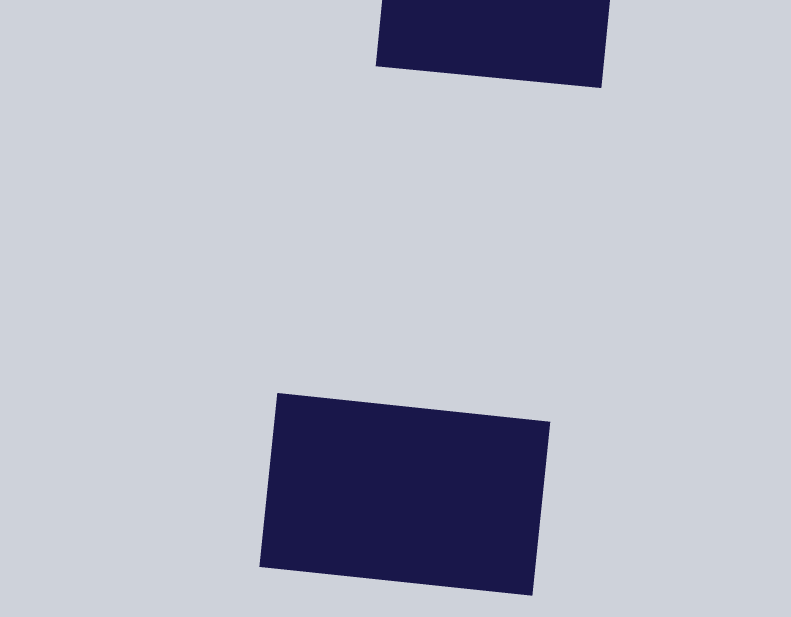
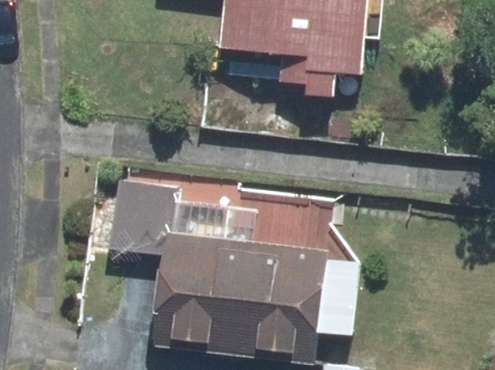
building: none -> [111,181,255,257]

